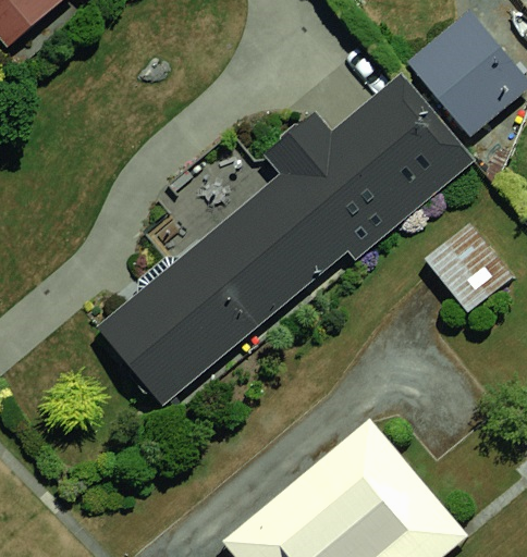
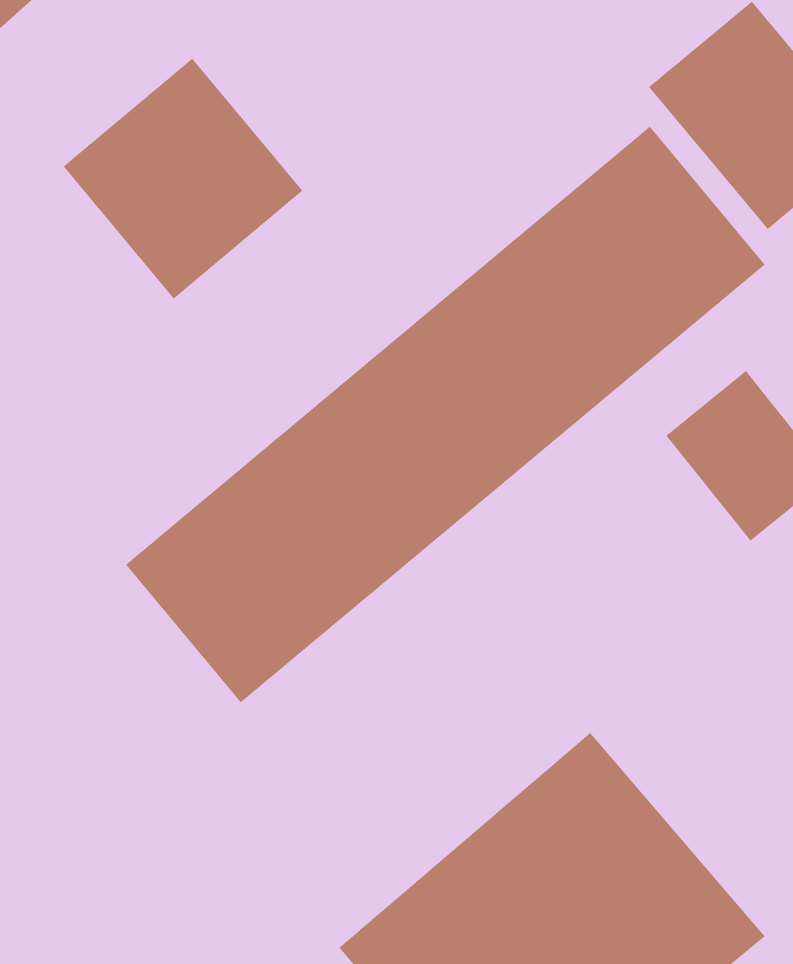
building: none -> [63,58,303,299]

